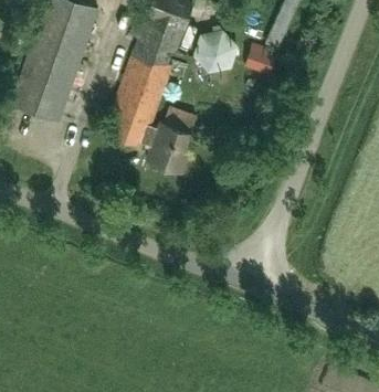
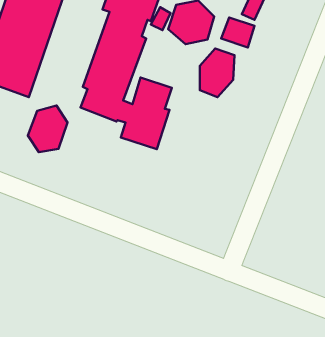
building: none -> [200,49,234,97]
building: none -> [28,106,67,152]

